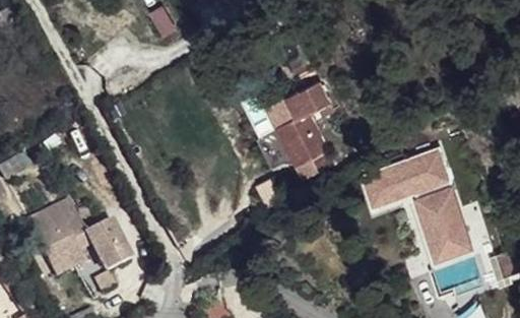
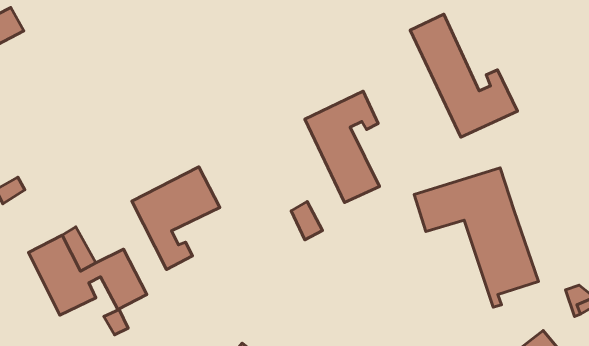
building: none -> [410,14,517,137]
building: none -> [132,167,220,269]

